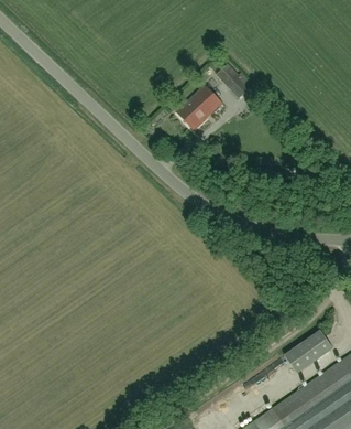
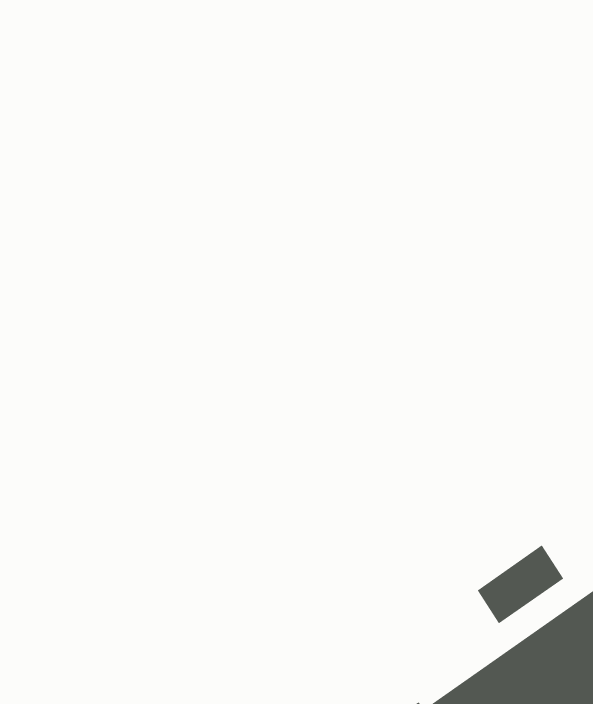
building: [215,64,249,100] -> none
building: [175,86,221,131] -> none

